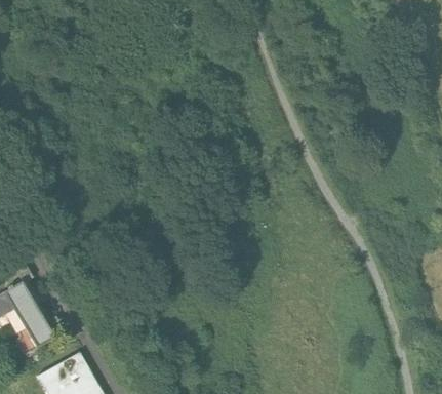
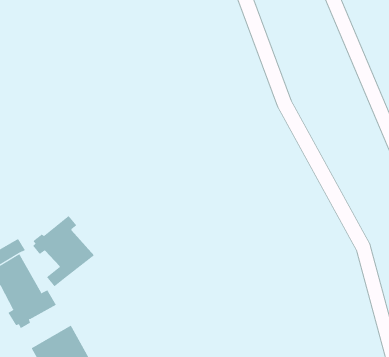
building: none -> [32,215,95,287]

